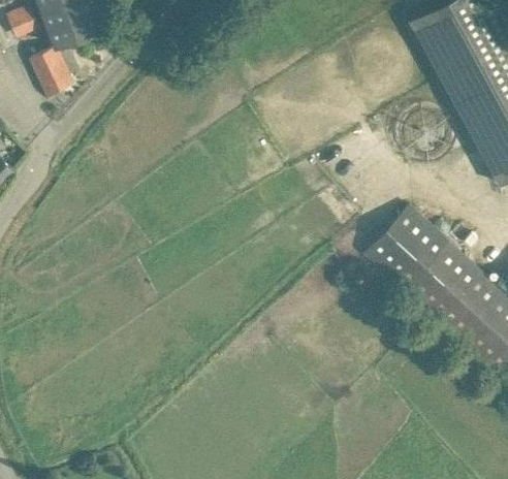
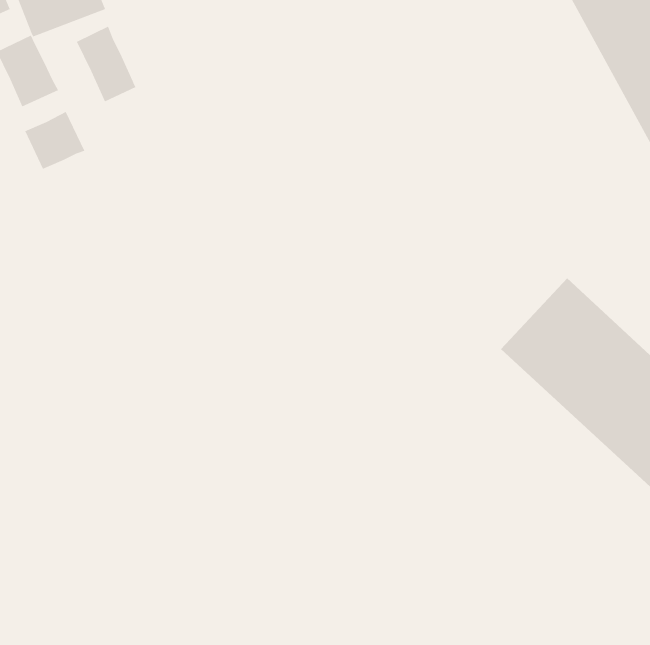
building: none -> [76,26,136,103]
building: none -> [24,111,86,170]

